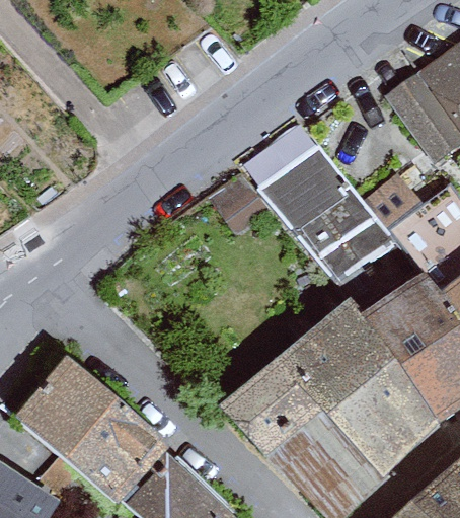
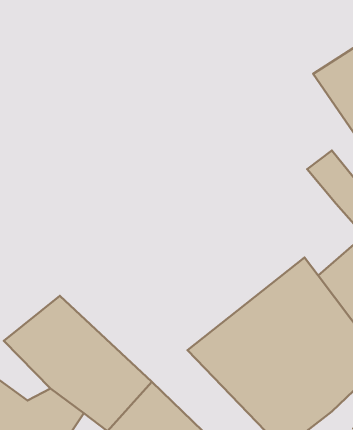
building: [249,127,403,292] -> none

